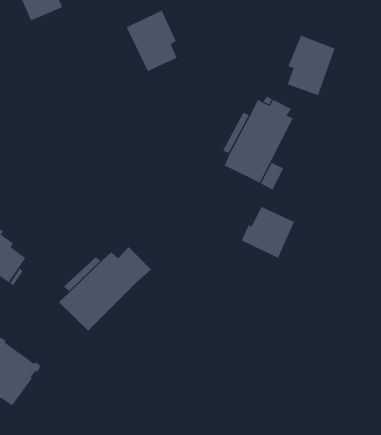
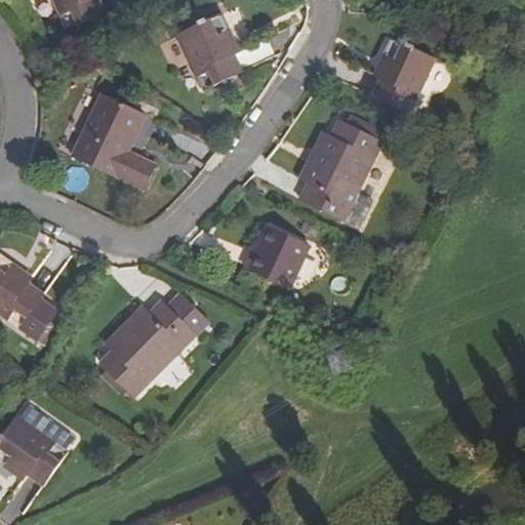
building: none -> [76,85,161,181]
building: [241,206,295,259] -> [246,228,311,290]

